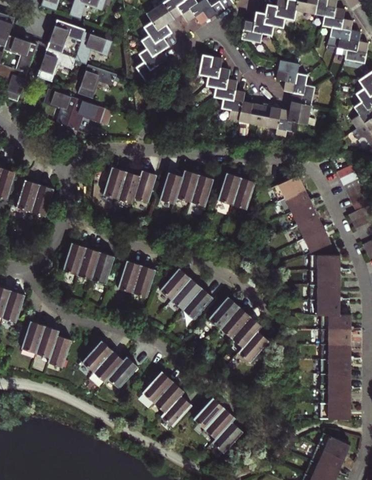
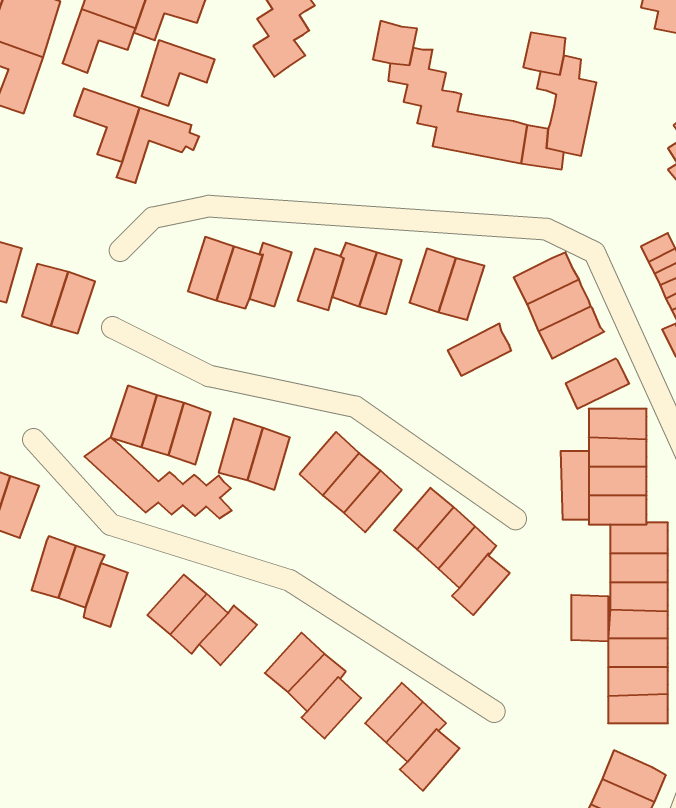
building: [291,215,324,242] -> [448,324,511,376]
building: none -> [84,438,232,519]
building: none -> [561,451,589,520]
building: none -> [571,595,608,642]

